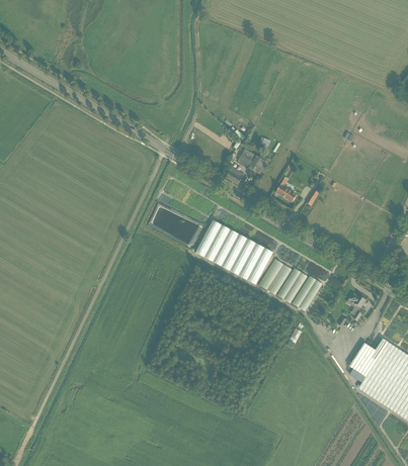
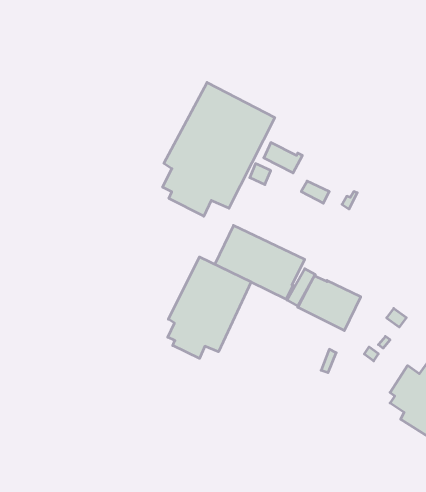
building: none -> [163,82,275,216]
building: none -> [168,257,251,358]

